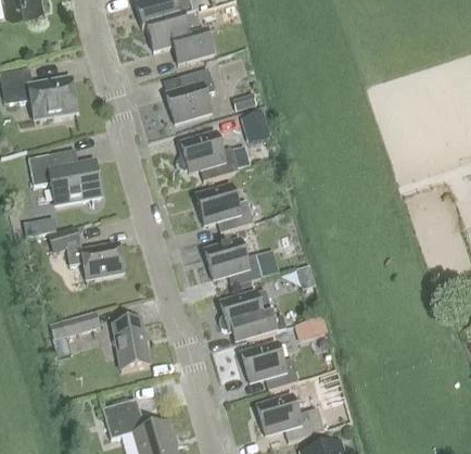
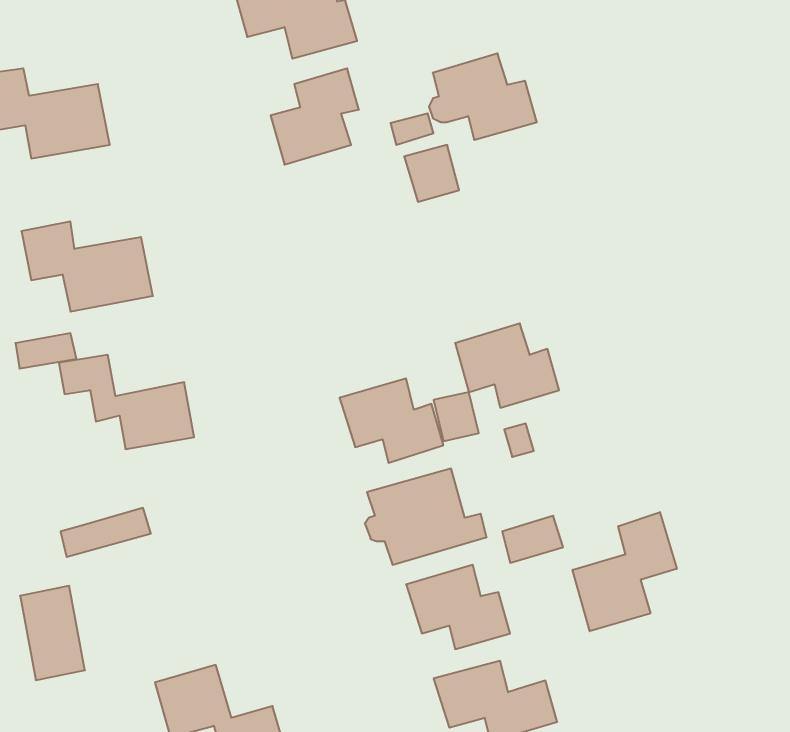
building: [178,131,238,179] -> [429,53,537,140]
building: [195,185,253,231] -> [455,323,559,408]
building: none -> [573,512,677,631]
building: [113,317,149,369] -> [20,586,85,680]

